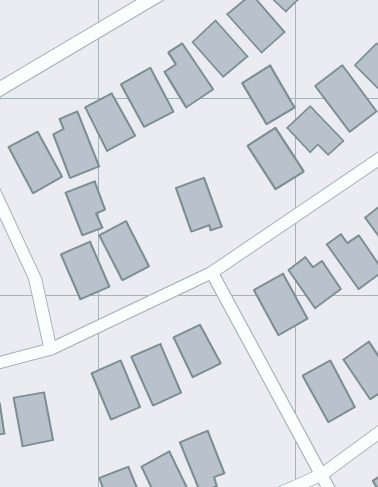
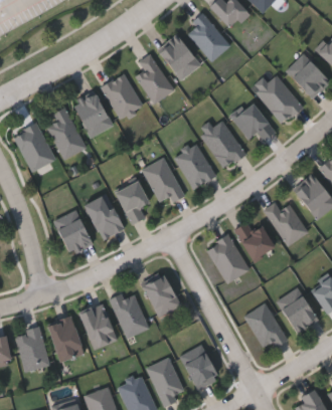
building: [242,65,295,124] -> [174,143,215,189]
building: [65,181,105,235] -> [116,182,147,224]
building: none -> [46,317,84,363]
building: none -> [181,345,218,390]

